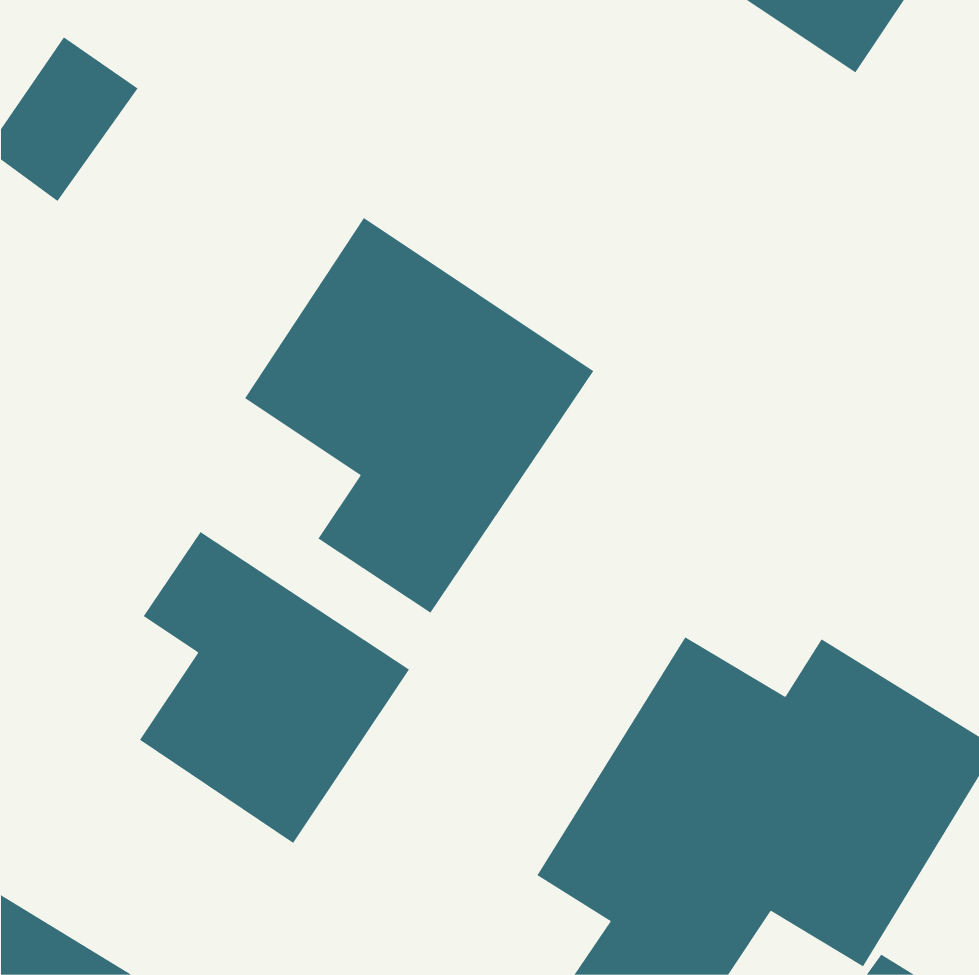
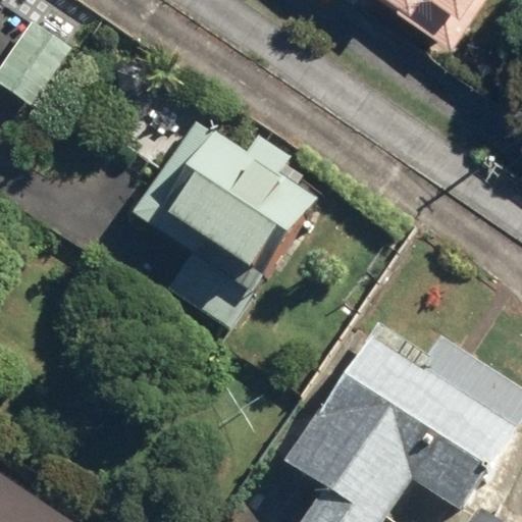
building: [139,531,410,844] -> none

